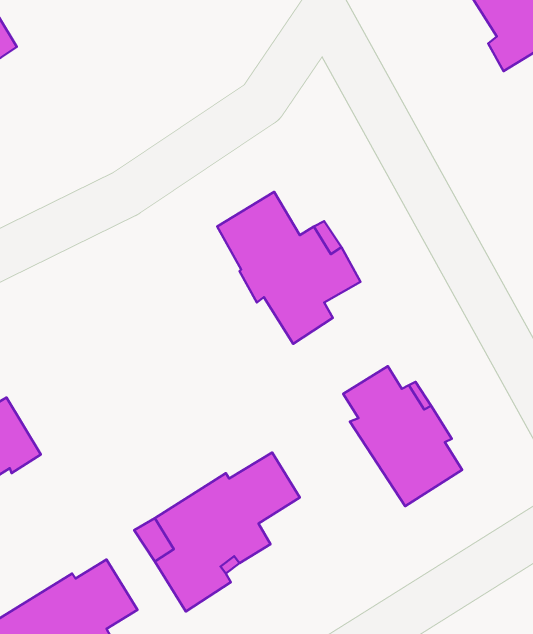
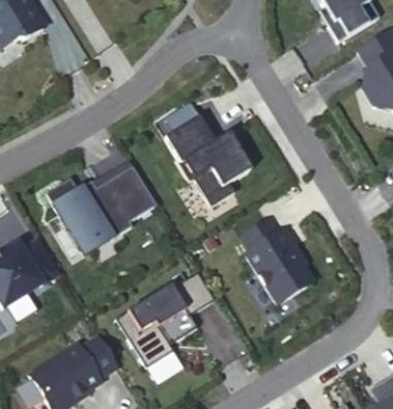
building: none -> [48,166,158,251]

